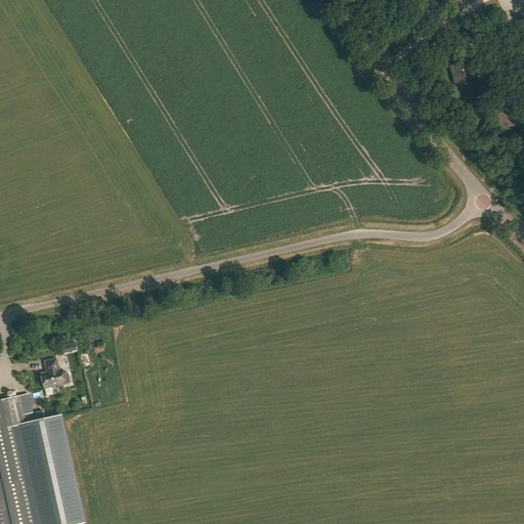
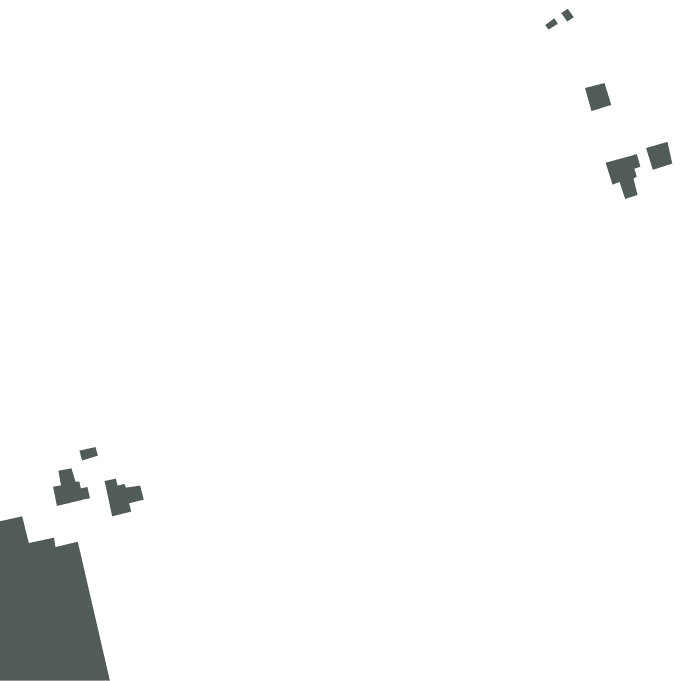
building: none -> [605,153,641,200]
building: none -> [104,478,144,517]

